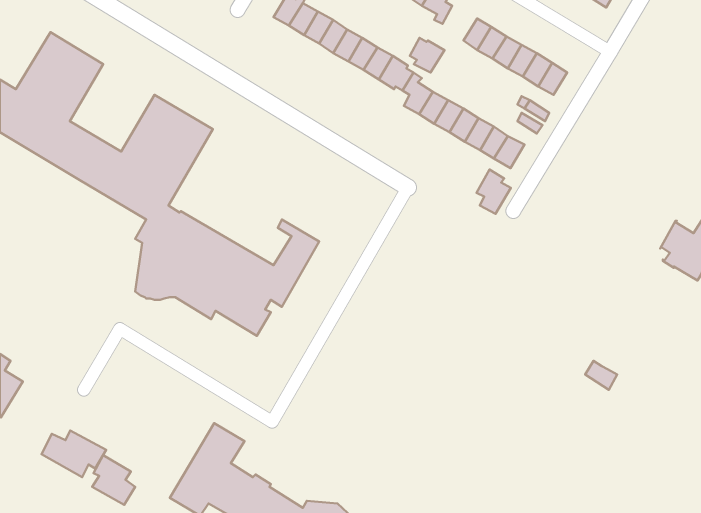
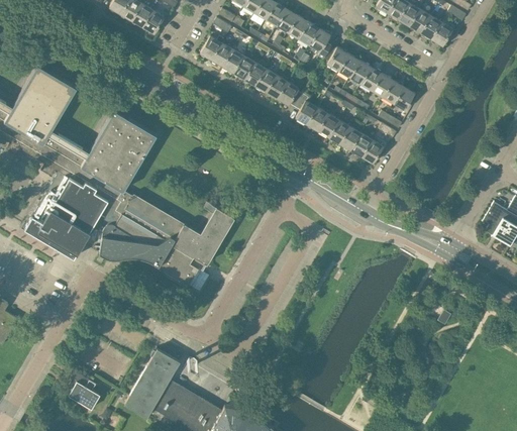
building: [410,38,444,72] -> [324,45,349,71]
building: [477,169,511,214] -> none
building: none -> [25,172,108,258]
building: [42,430,106,477] -> none

